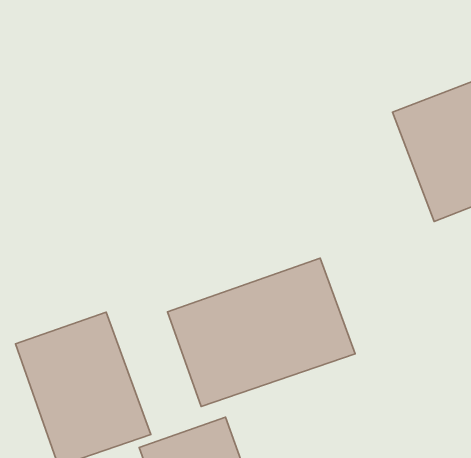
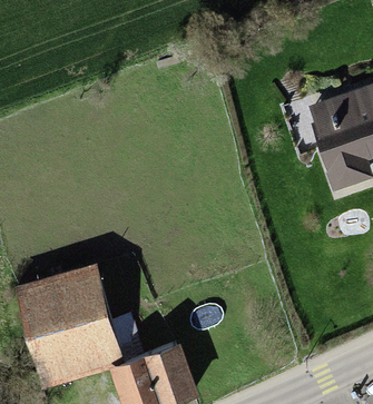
building: [167,258,355,407] -> none

